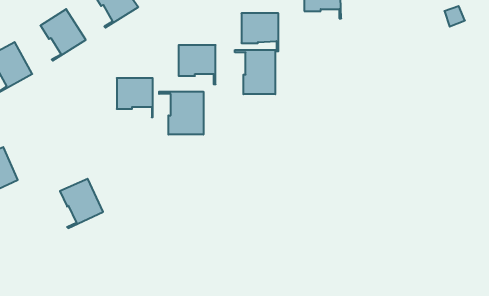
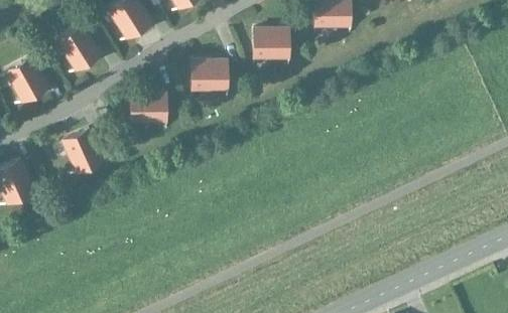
building: [235,50,275,94] -> none
building: [159,92,203,135] -> none
building: [60,179,103,228] -> [61,129,104,177]

